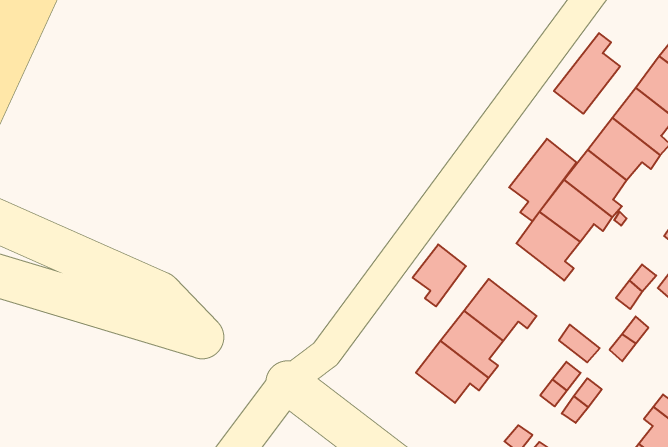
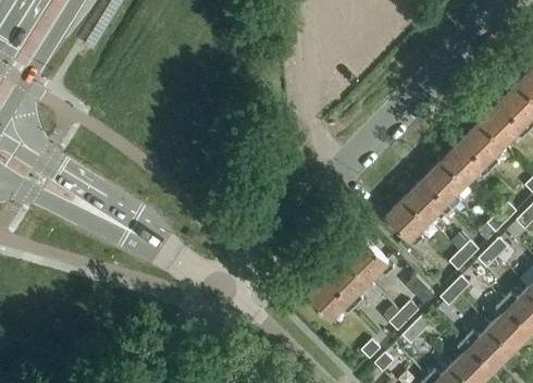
building: [554,33,620,114] -> none
building: [509,139,577,221] -> none
building: [413,244,466,306] -> none

